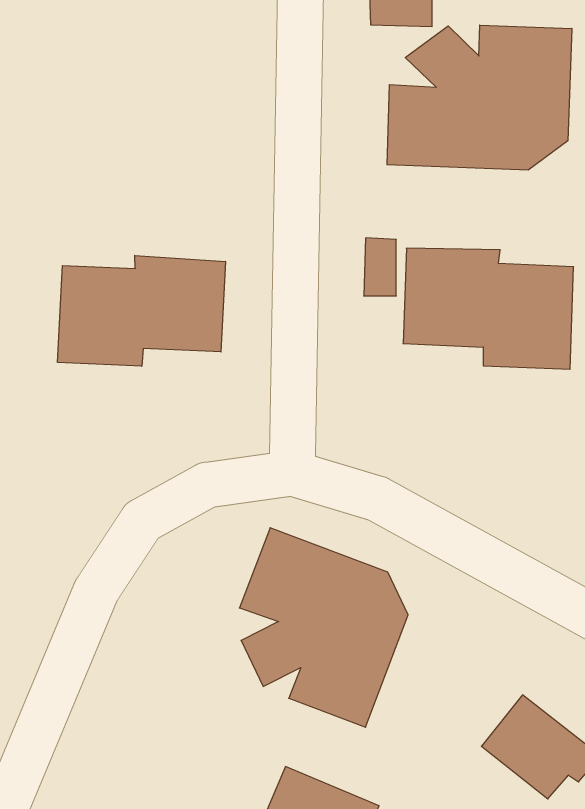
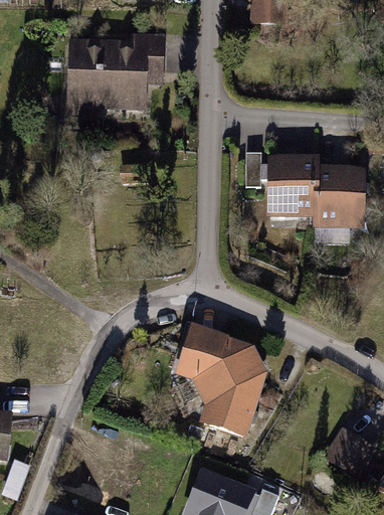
building: [387,25,572,170] -> none
building: none -> [66,30,169,116]
building: [58,255,225,366] -> none

